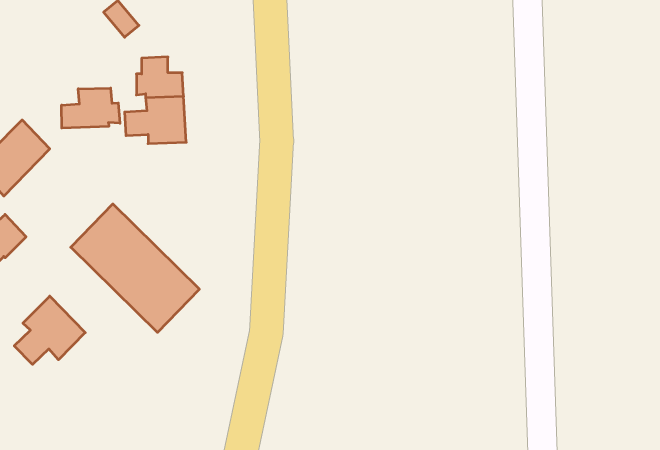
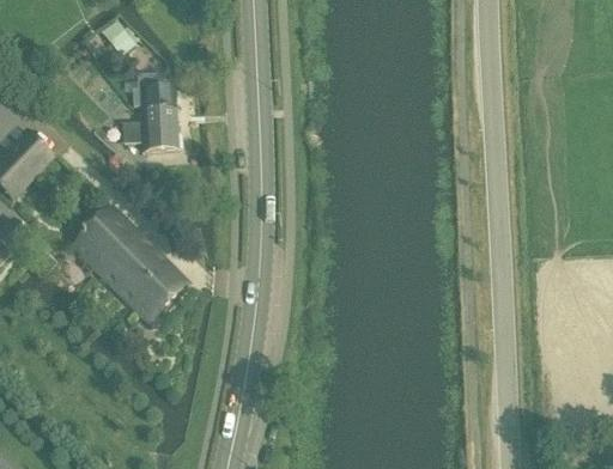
building: [62,88,120,128] -> none
building: [14,296,85,364] -> none

